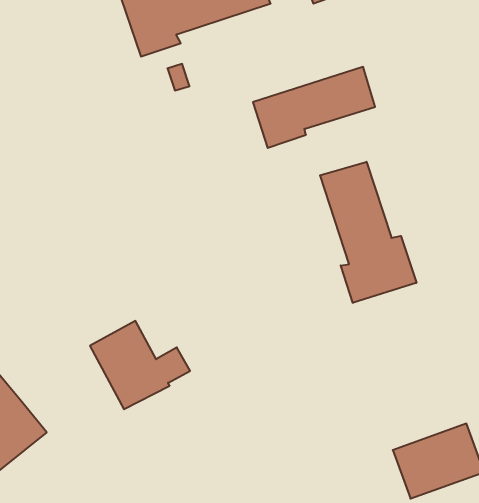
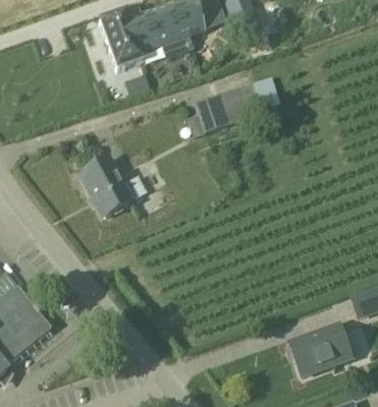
building: [320,162,416,303] -> none
building: [90,321,190,409] -> [77,157,147,218]

